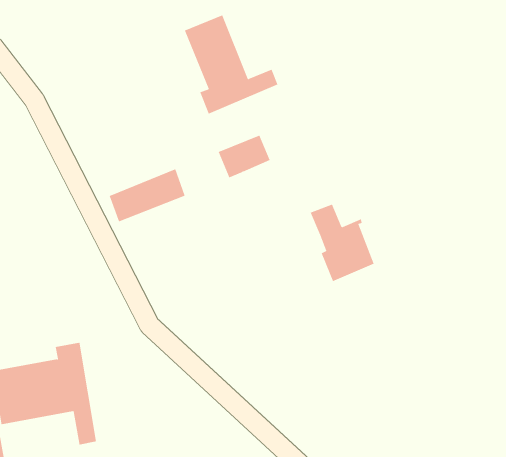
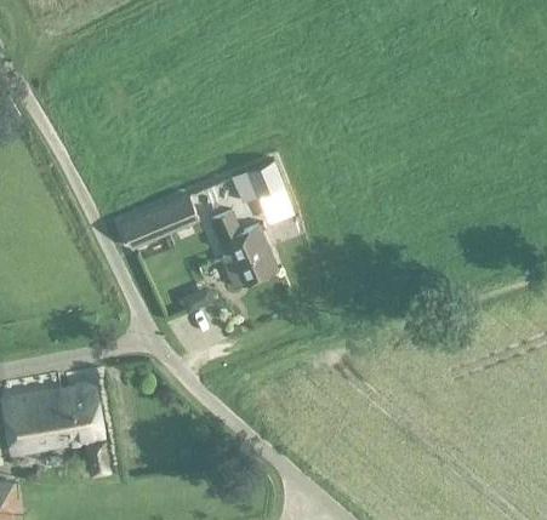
building: [184,14,278,114] -> none
building: [310,204,375,282] -> [209,208,274,287]

